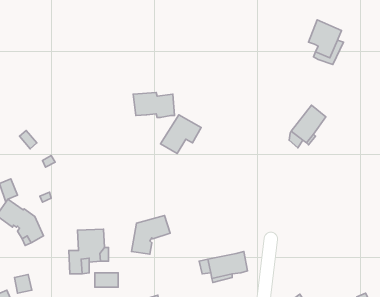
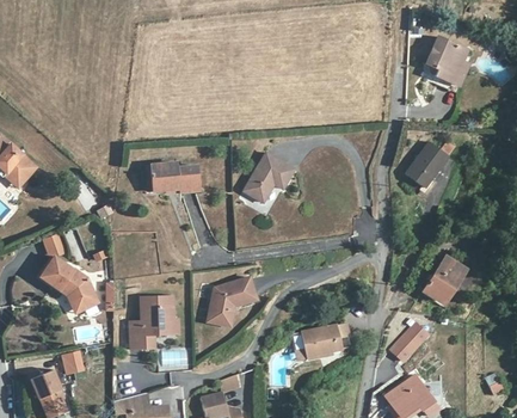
building: [133,92,175,118] -> [148,161,199,192]
building: none -> [424,252,463,301]
building: none -> [389,322,426,361]

